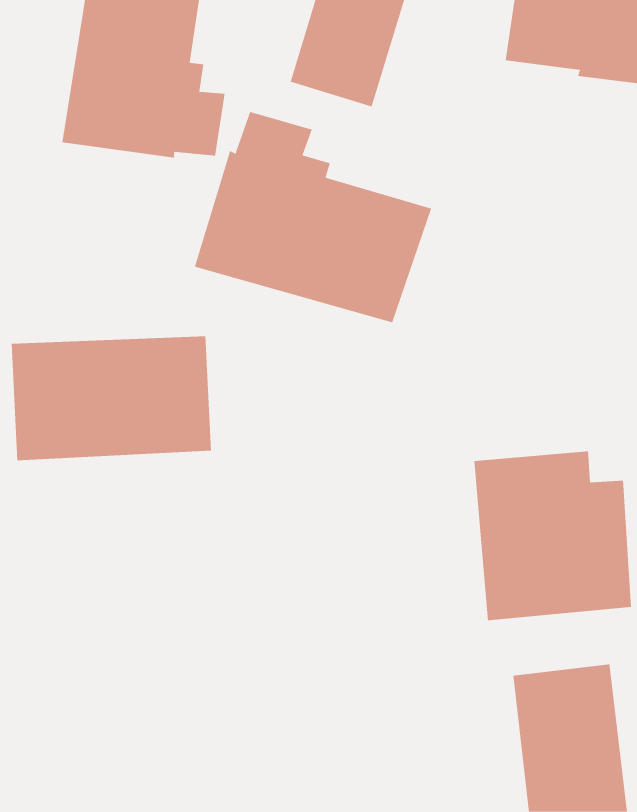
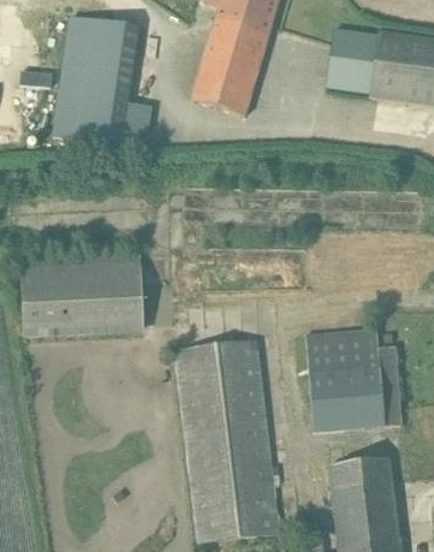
building: [194,111,432,323] -> none
building: none -> [174,342,278,542]

